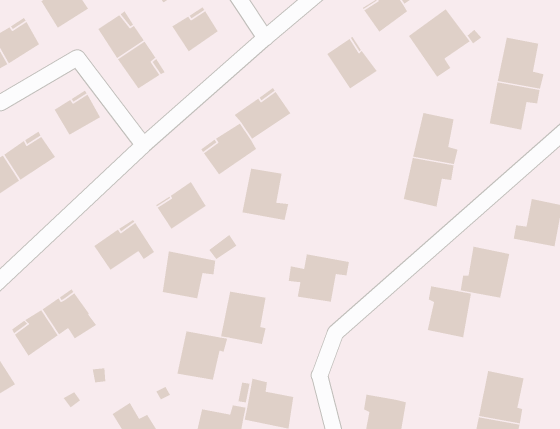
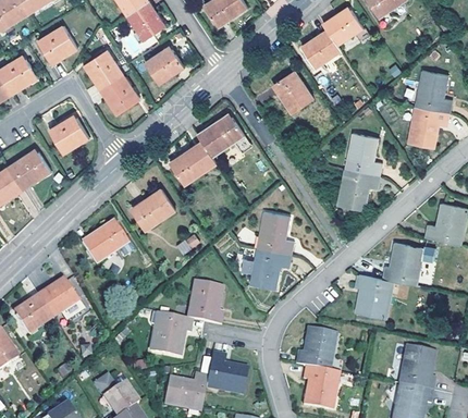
building: [408,8,471,78] -> none
building: [241,168,289,221] -> [256,212,295,256]
building: [162,250,216,299] -> none
building: none -> [294,327,336,369]

